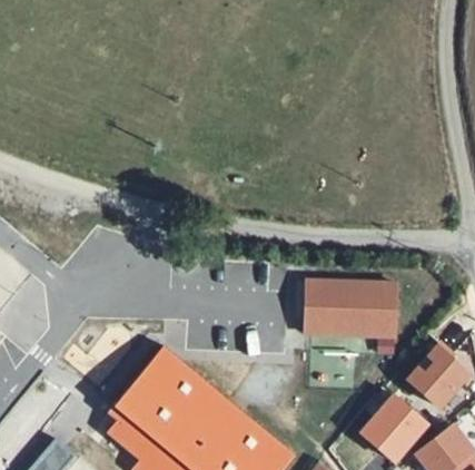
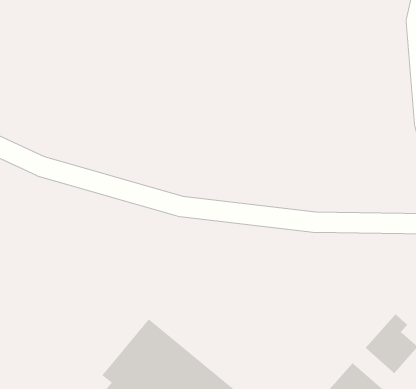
building: [306,280,392,339] -> none

